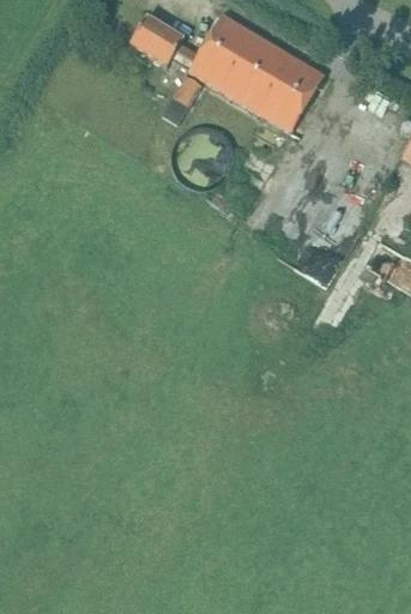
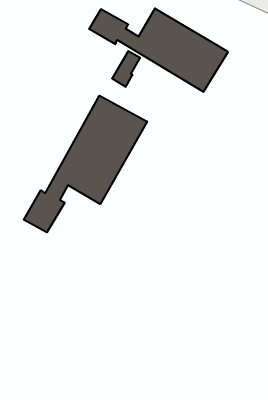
building: none -> [24,96,147,232]

